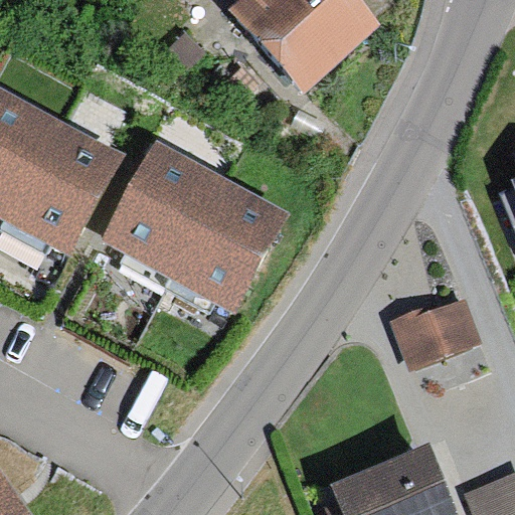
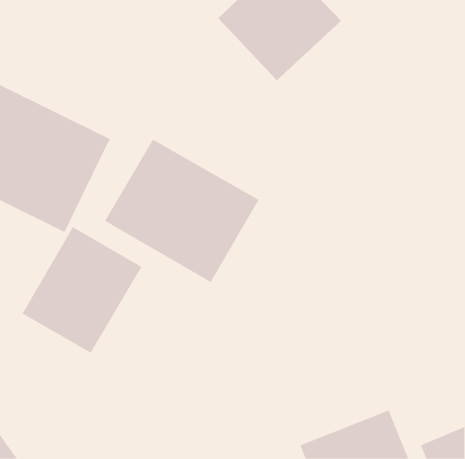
building: none -> [22,226,142,353]
building: [389,298,481,368] -> none

